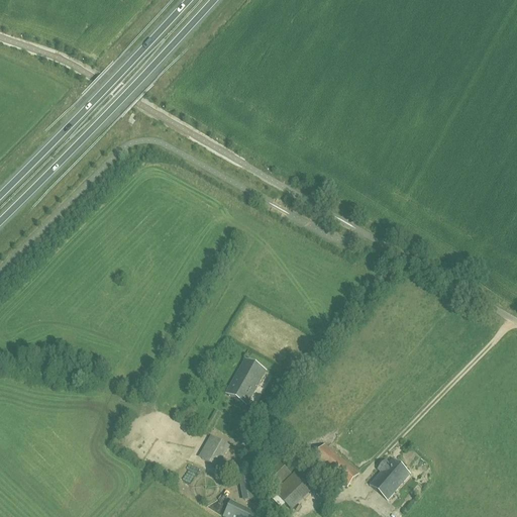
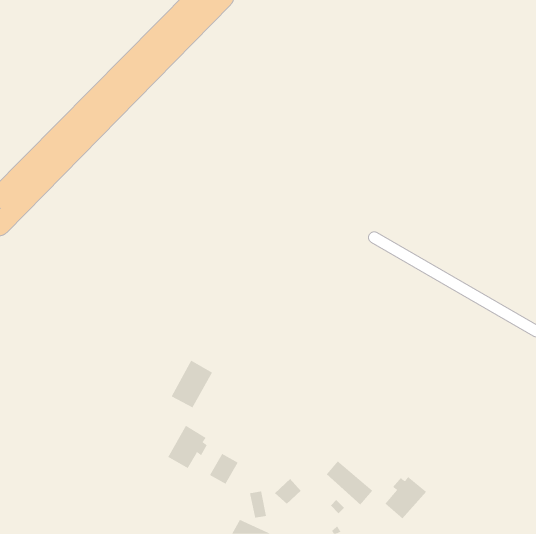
building: [225,356,266,403] -> [171,360,213,408]
building: none -> [167,425,208,469]
building: [274,468,315,508] -> none

